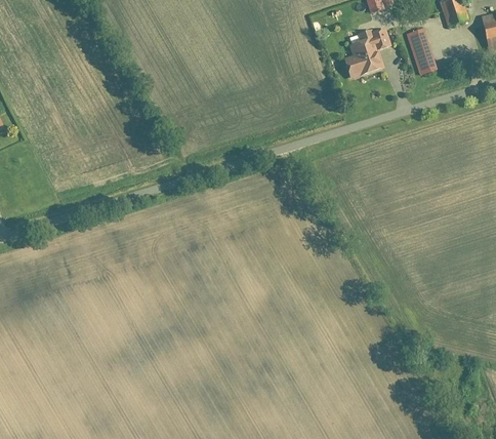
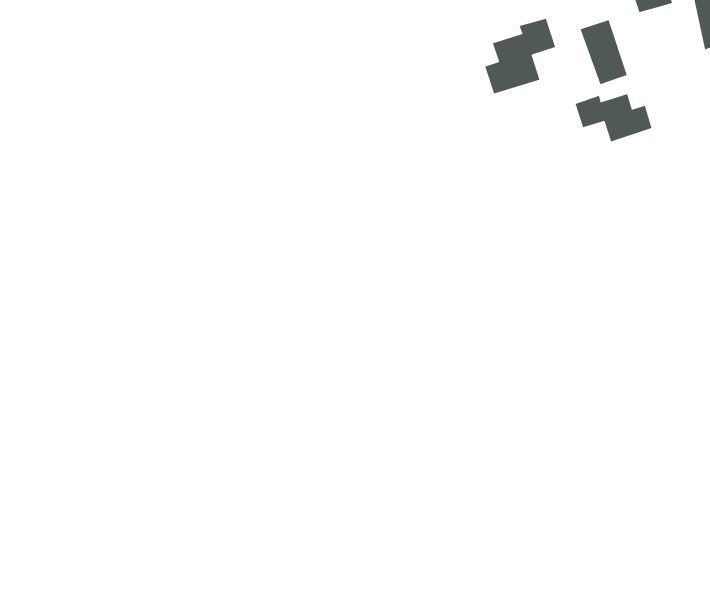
building: none -> [575,93,652,142]

